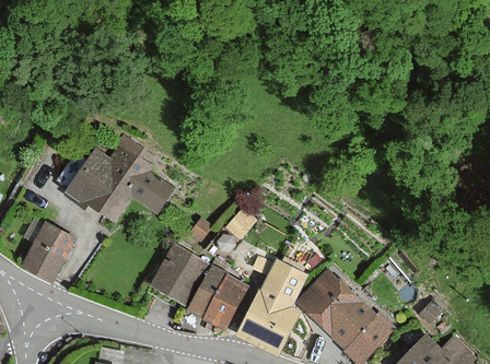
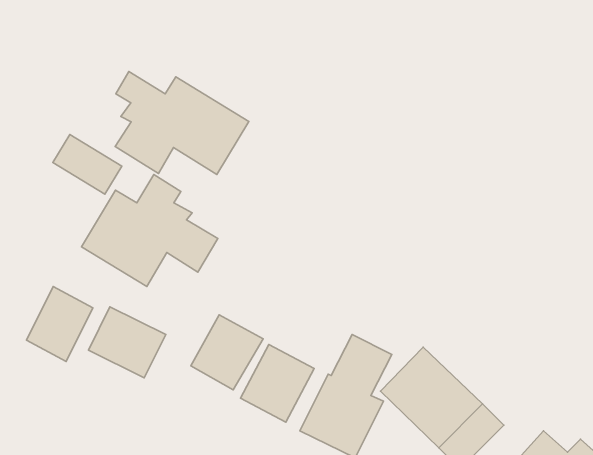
building: none -> [115,71,249,174]
building: none -> [53,135,122,194]
building: none -> [88,307,166,378]

